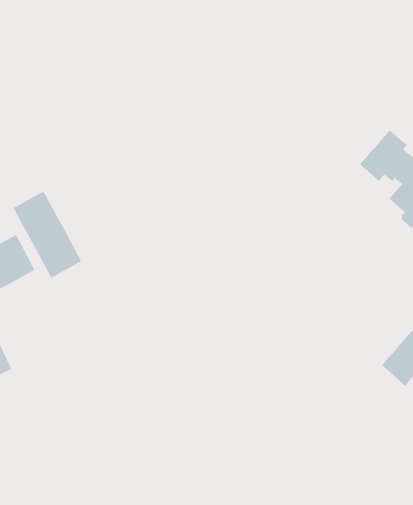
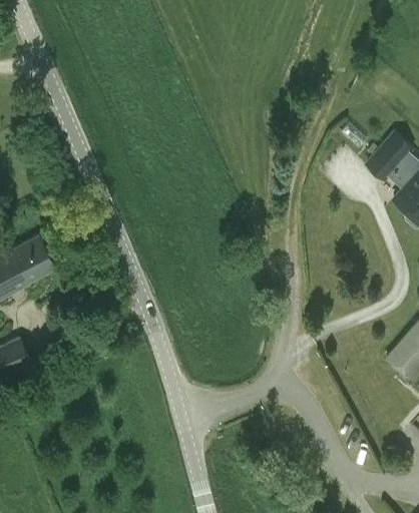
building: [13,191,82,279] -> none

